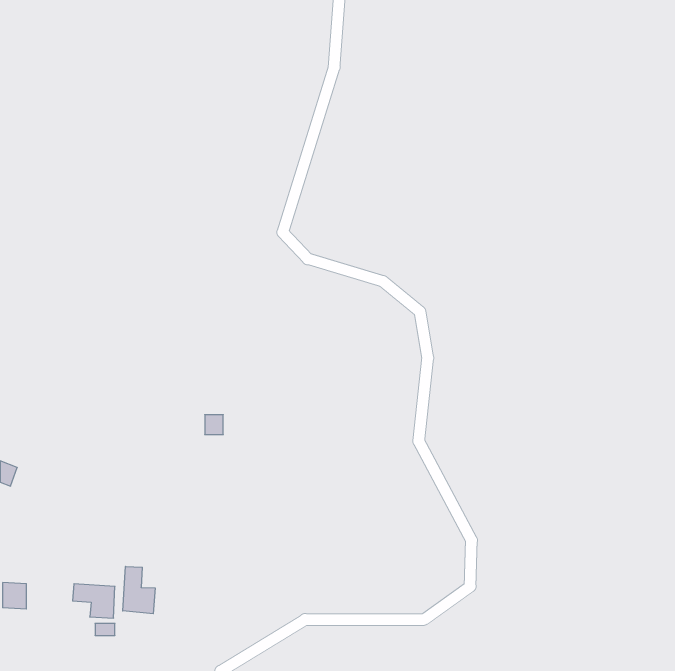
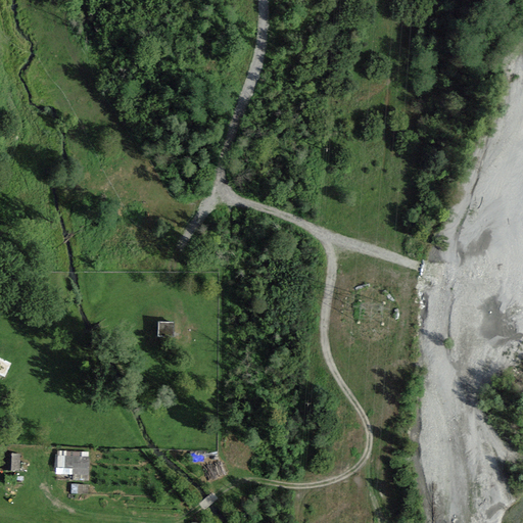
building: [123,566,155,614] -> none

